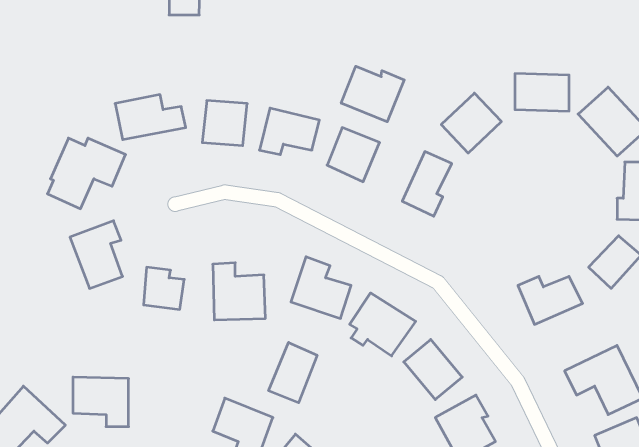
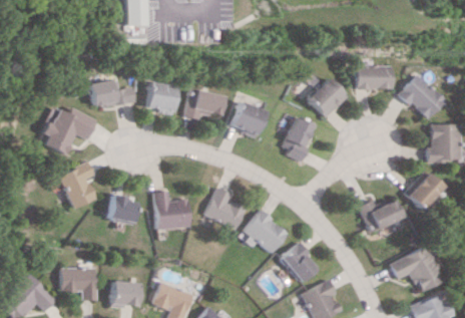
building: [341,66,404,122] -> none
building: [269,342,317,403] -> none
building: none -> [111,282,139,308]

